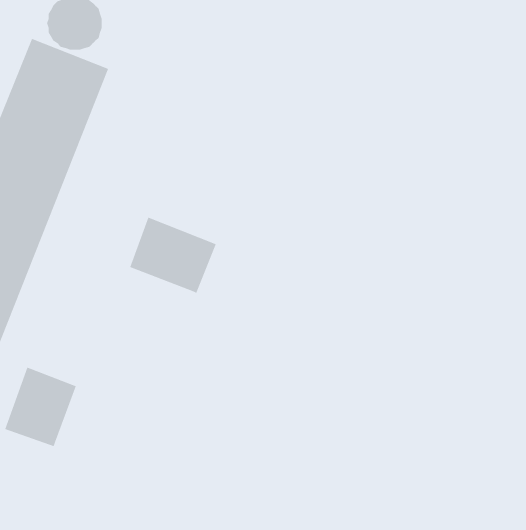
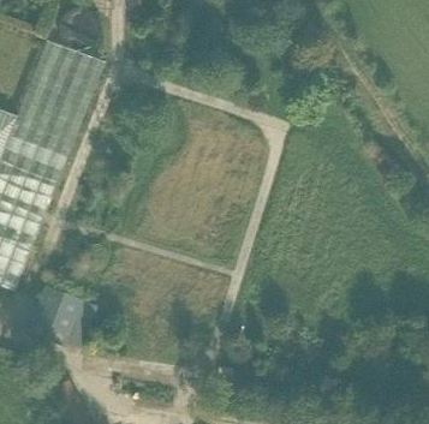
building: [129,217,217,294] -> none

